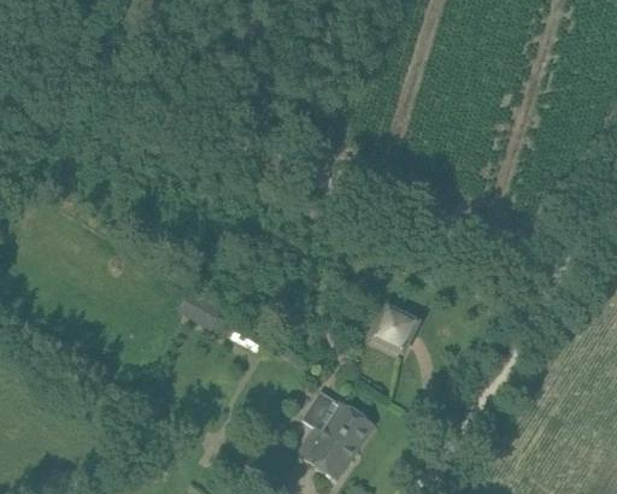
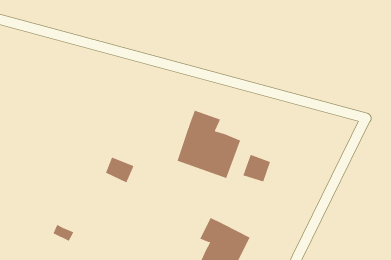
building: none -> [177,110,241,179]

